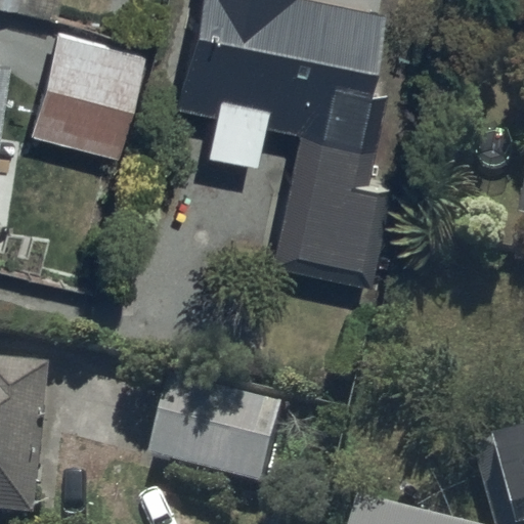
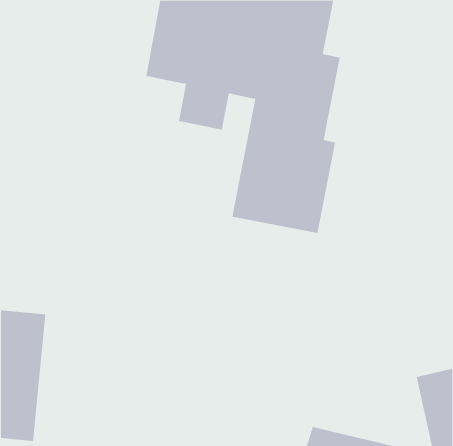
building: [29,26,146,148] -> none
building: [150,377,283,489] -> none

